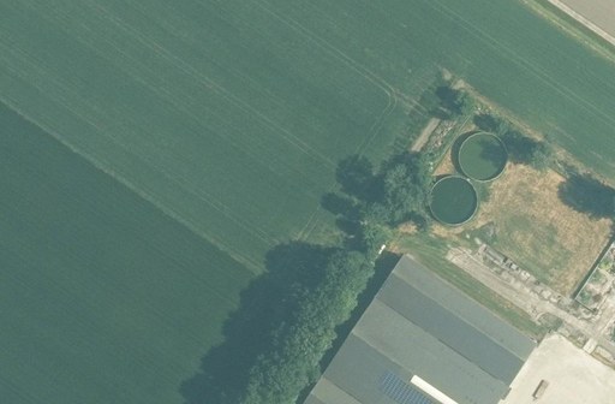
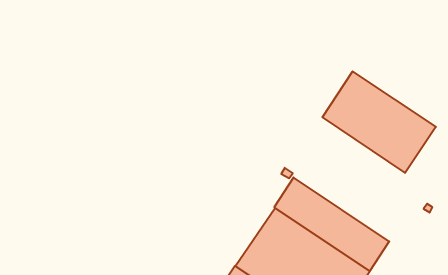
building: none -> [322,71,436,173]

